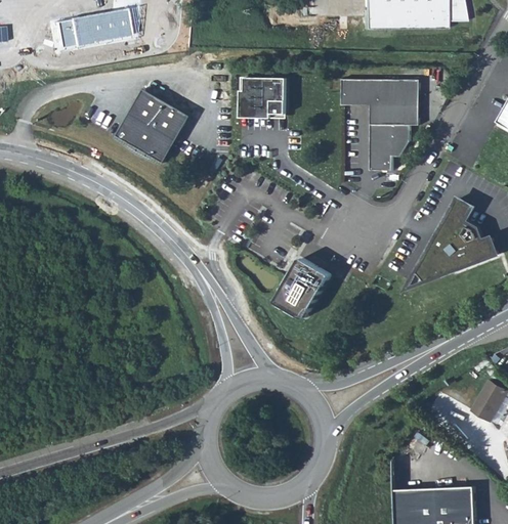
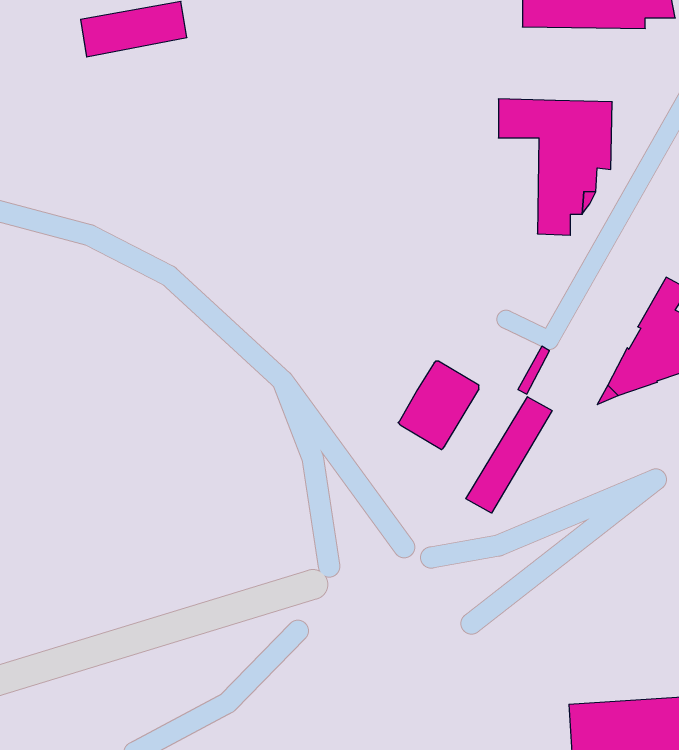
building: [240,75,287,115] -> none
building: [116,88,189,162] -> none
building: none -> [466,397,552,513]

